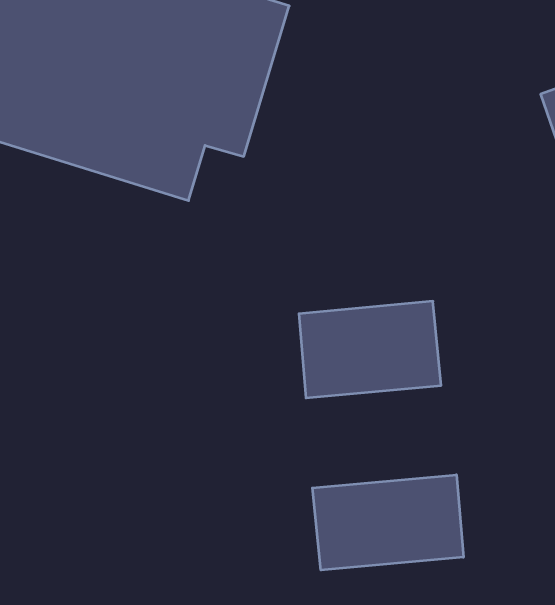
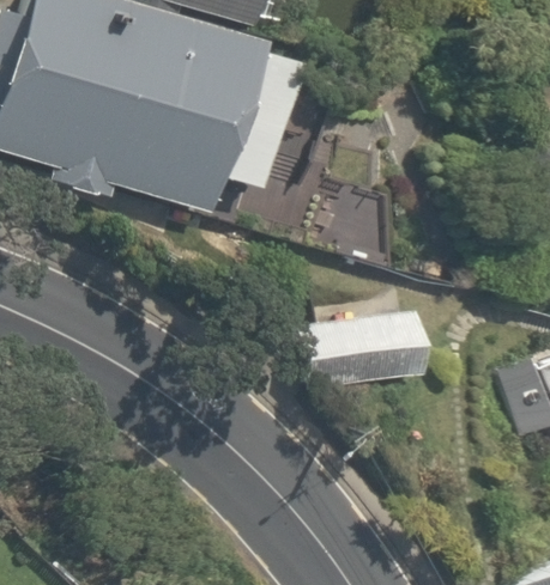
building: [312,475,463,570] -> none

